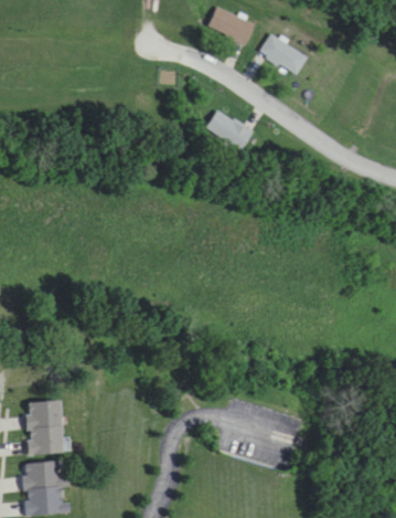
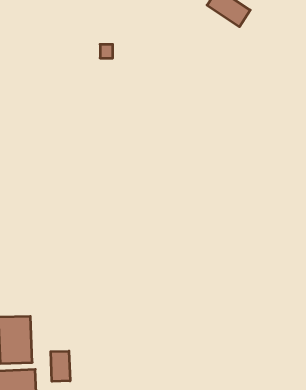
building: [205,109,251,149] -> none
building: none -> [51,351,70,381]

